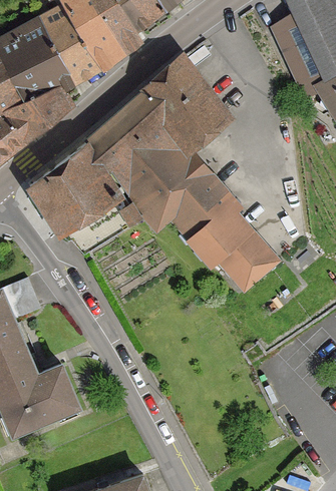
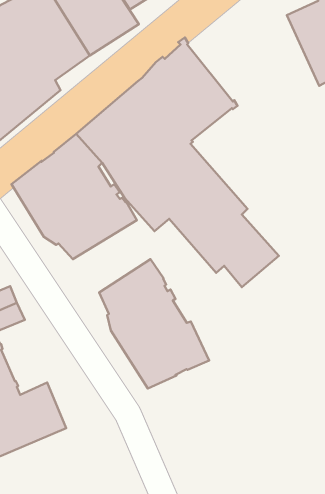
building: none -> [99,259,209,388]

